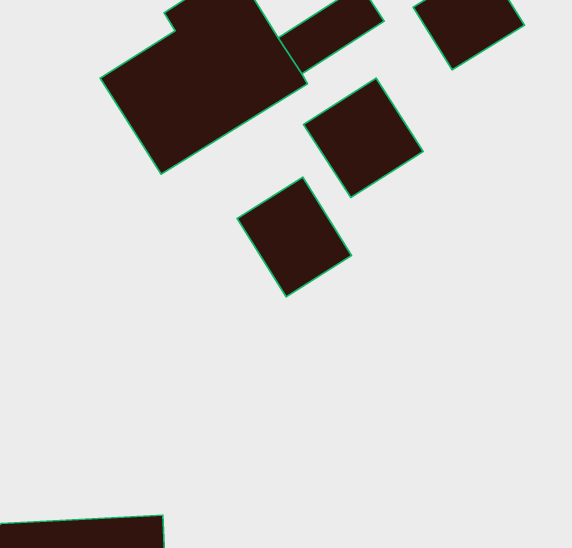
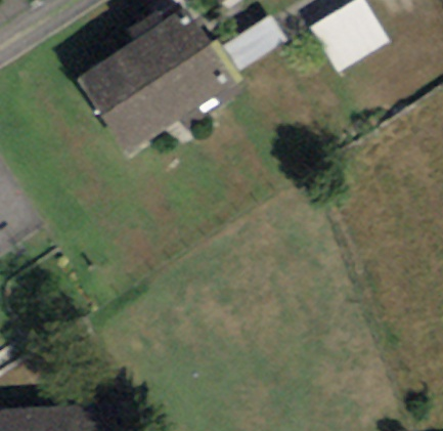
building: [304,78,423,198] -> none
building: [237,177,352,297] -> none

